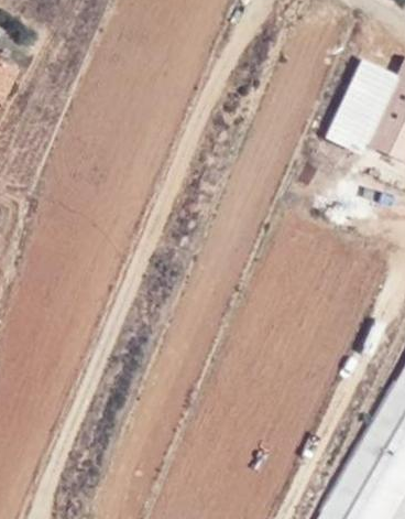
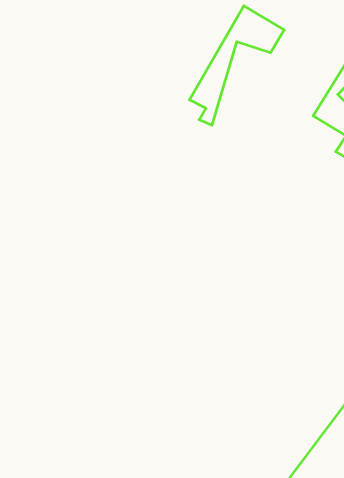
building: none -> [189,6,284,125]

